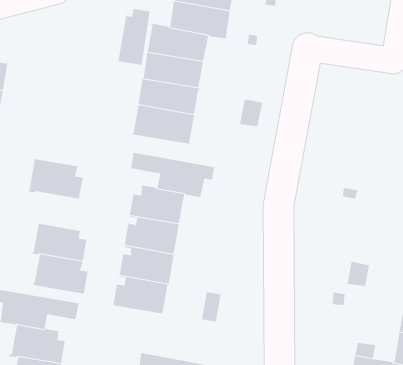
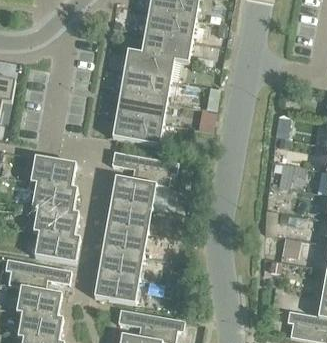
building: [117,7,150,68] -> none
building: none -> [30,181,75,212]
building: none -> [93,271,139,303]

